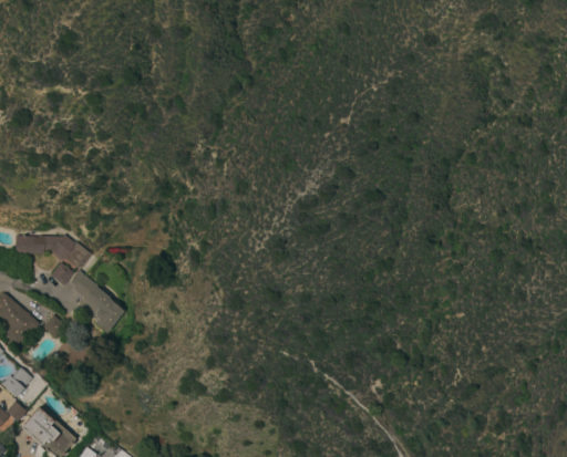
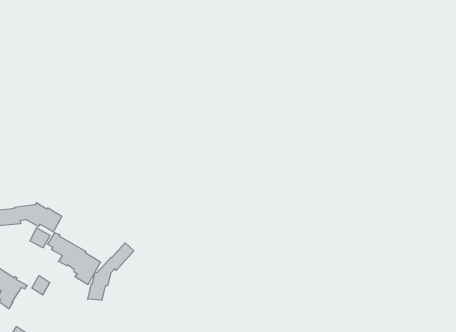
building: none -> [88,243,134,300]

